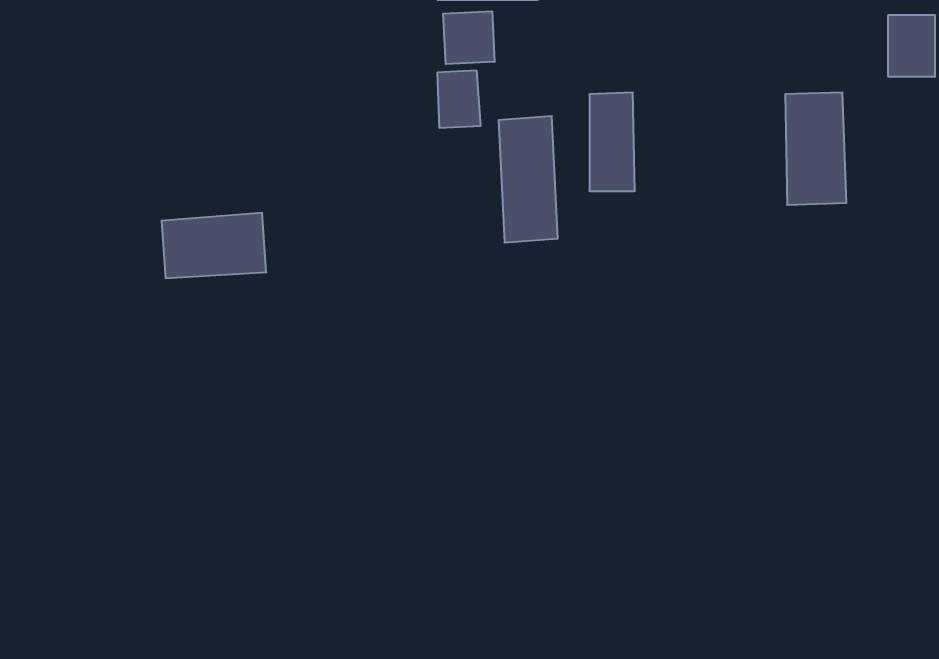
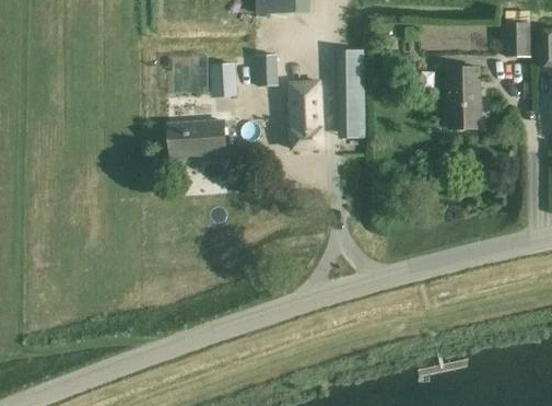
building: [443,11,495,64] -> none
building: none -> [212,62,236,94]
building: [161,213,266,278] -> [167,117,225,153]

